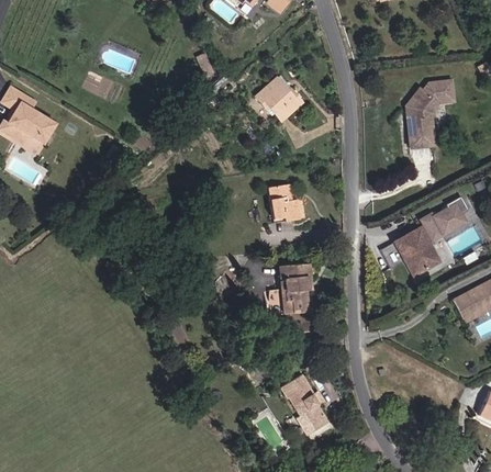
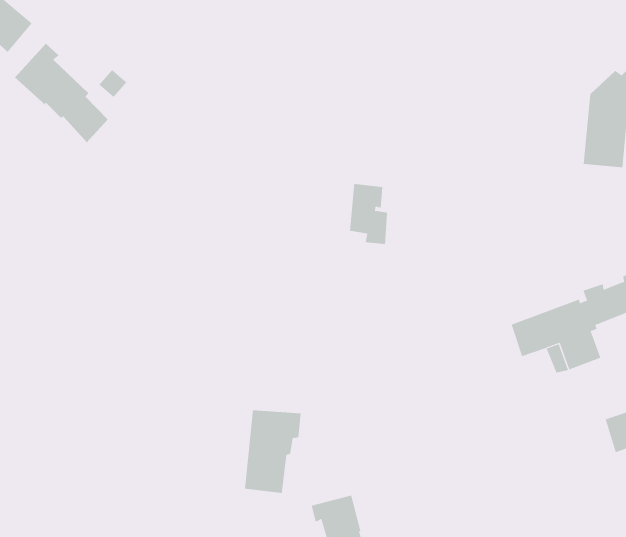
building: [259,74,306,116] -> none
building: none -> [14,43,109,143]
building: [278,262,310,315] -> [244,410,302,493]

